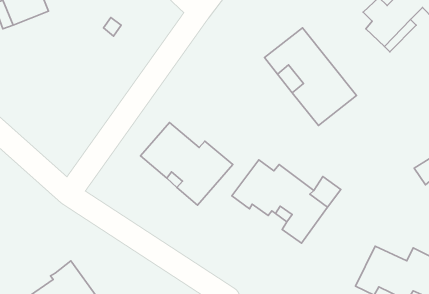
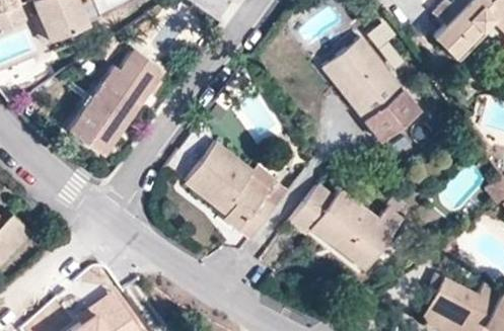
building: none -> [65,49,162,154]

